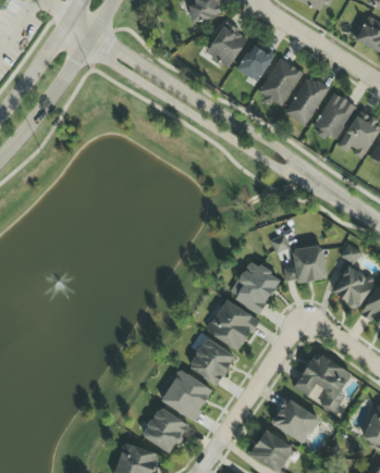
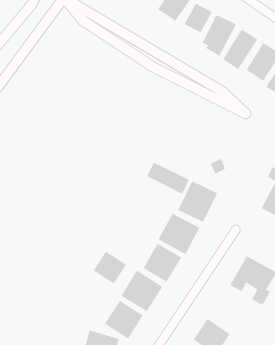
building: none -> [146,162,190,194]
building: [283,245,328,285] -> none
building: none -> [93,251,127,284]
building: [271,399,320,443] -> none

